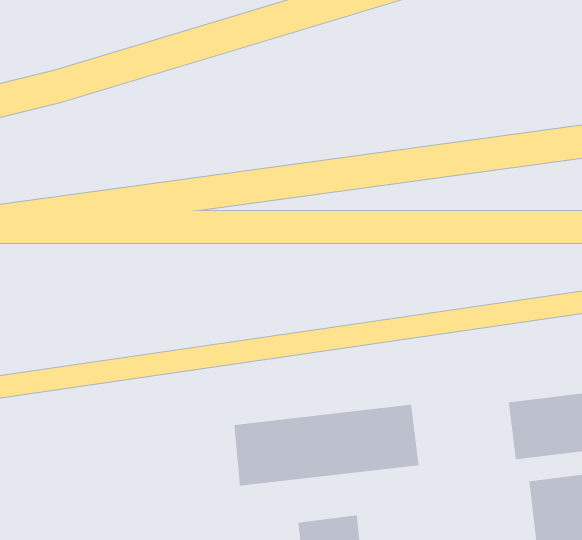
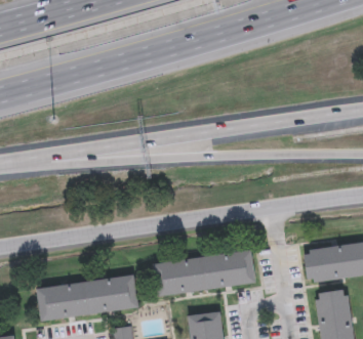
building: none -> [36,277,137,321]

